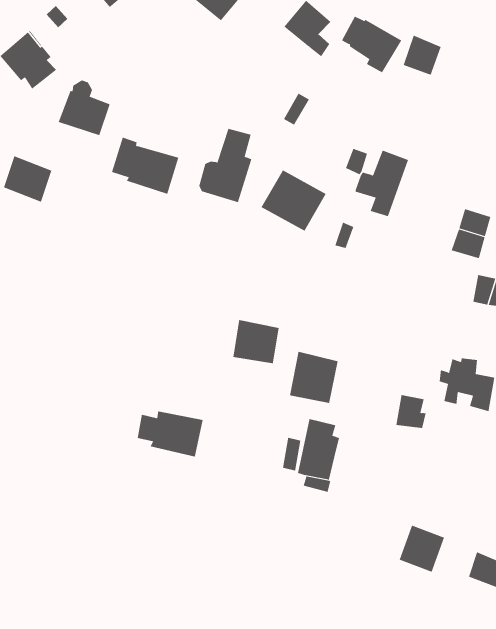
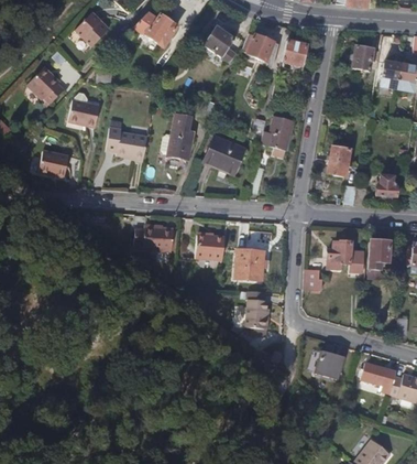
building: [137,411,203,457] -> [134,224,175,250]

